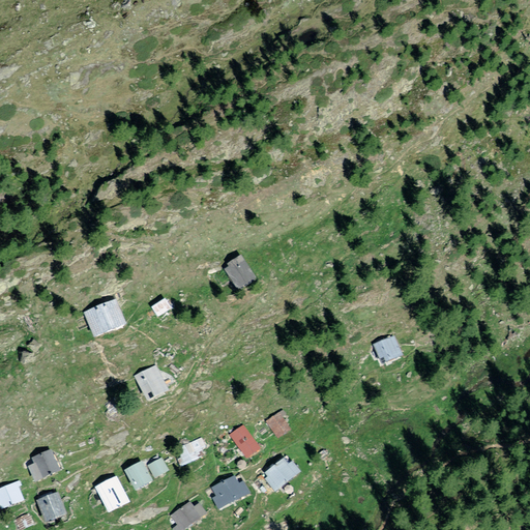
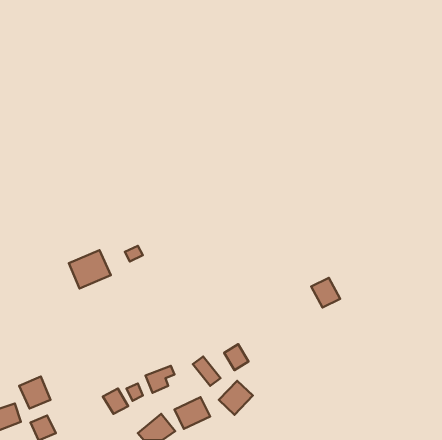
building: [222,253,260,292] -> none
building: [135,362,174,403] -> none
building: [93,474,132,516] -> none

